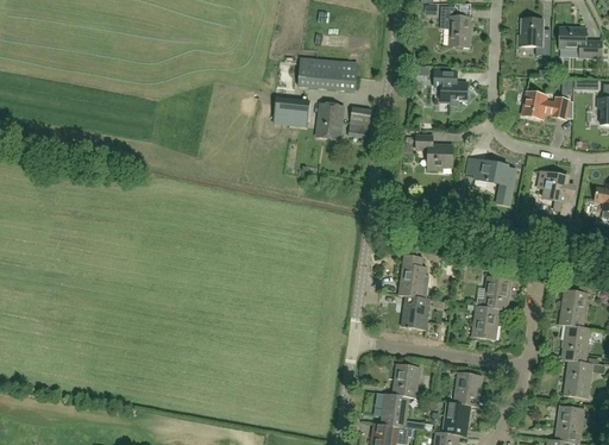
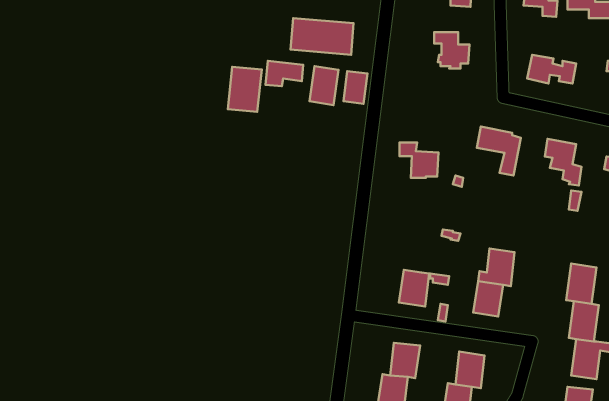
building: none -> [228,67,262,112]
building: [416,136,453,169] -> [399,142,438,178]
building: [398,255,427,297] -> none

